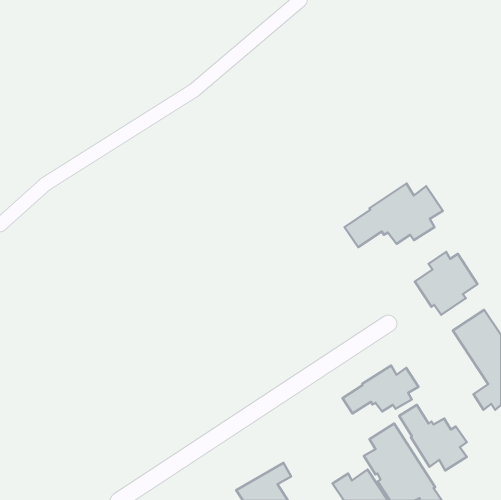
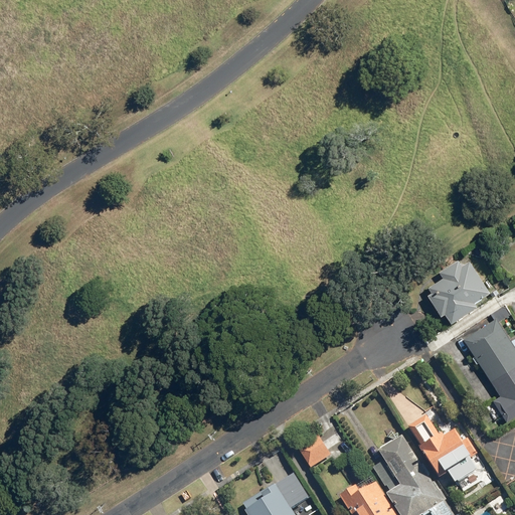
building: [345,184,443,247] -> none
building: [342,366,418,413] -> none
building: none -> [299,438,331,469]

